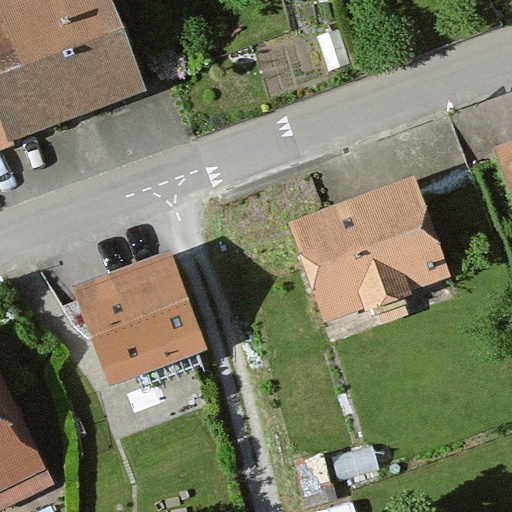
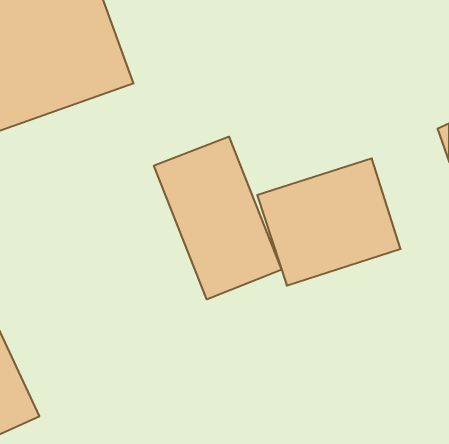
building: none -> [154,137,281,299]
building: [73,253,205,386] -> none

